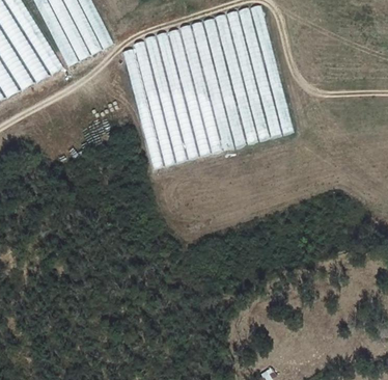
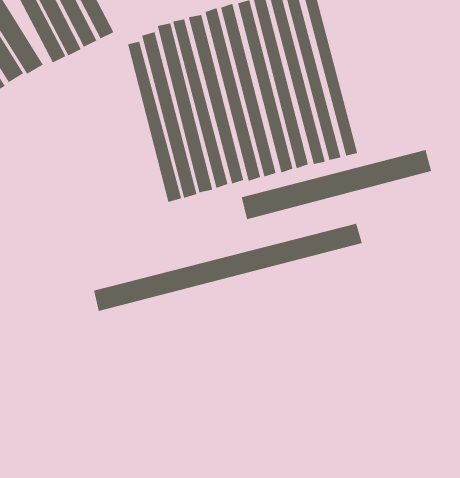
building: none -> [241,149,432,220]
building: none -> [93,223,363,312]

